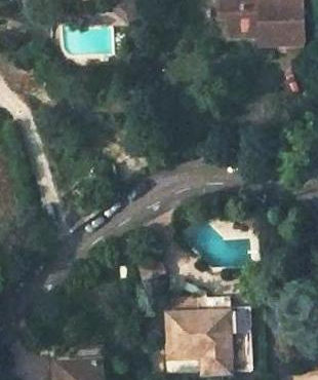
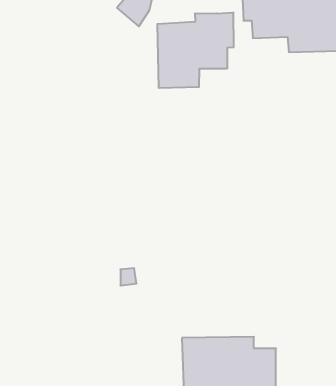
building: none -> [157,12,234,88]

